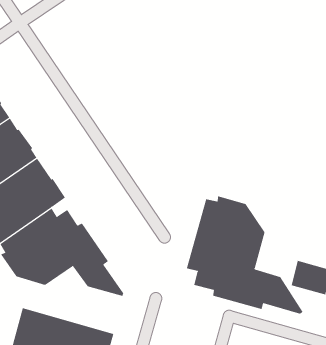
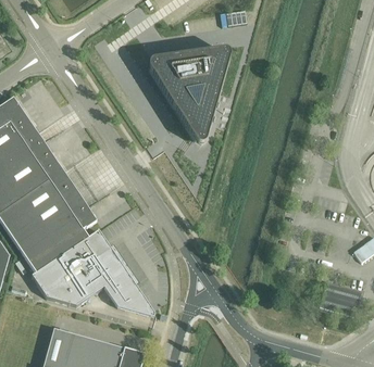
building: none -> [149,49,229,143]
building: [186,195,303,314] -> none

